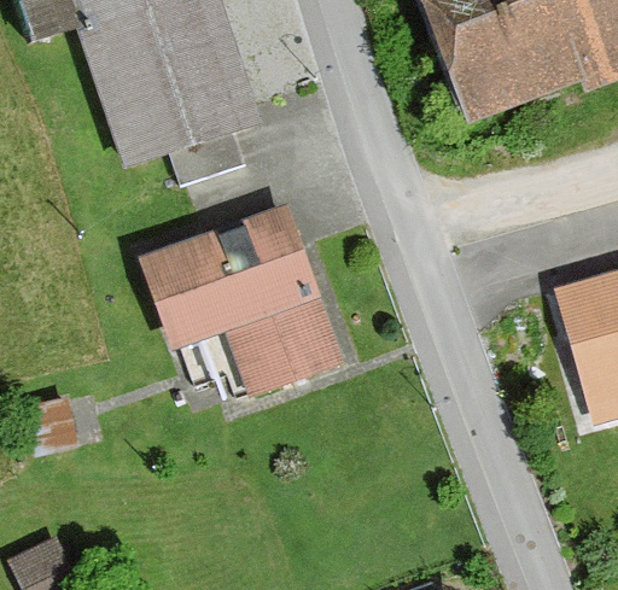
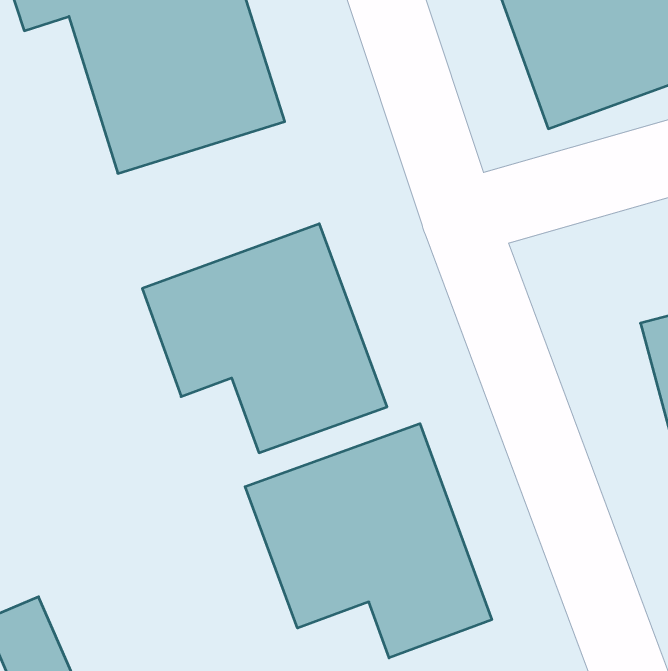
building: none -> [245,424,492,658]

